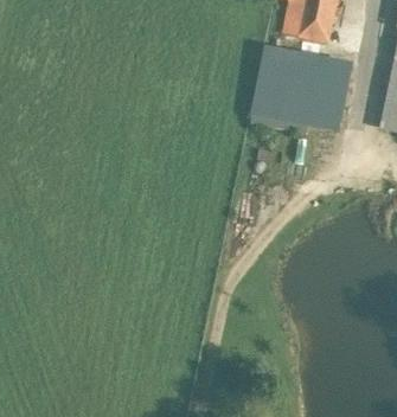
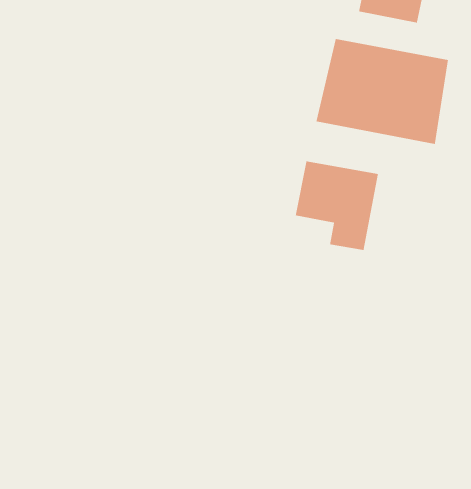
building: none -> [295,160,379,251]

